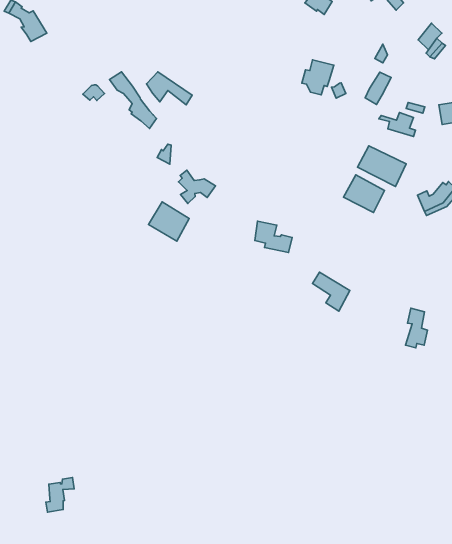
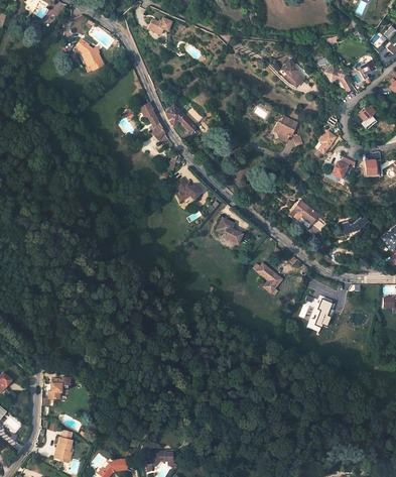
building: [357,146,406,187] -> none
building: [148,202,189,241] -> none

